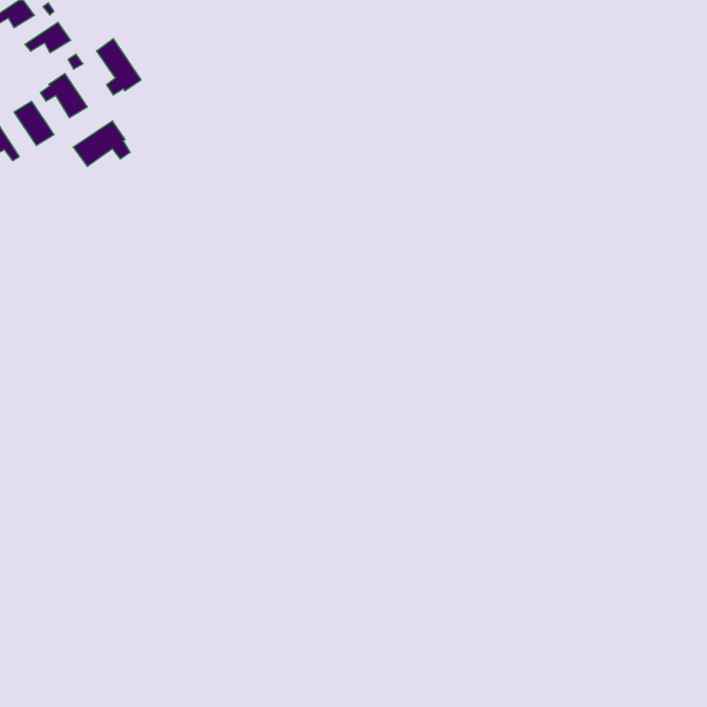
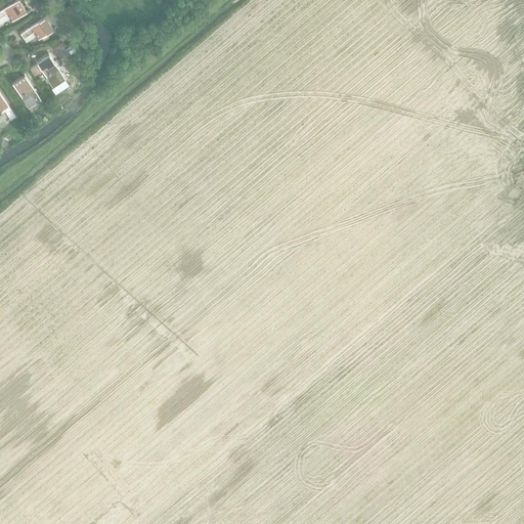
building: [96,38,141,95] -> none
building: [73,121,130,167] -> none

